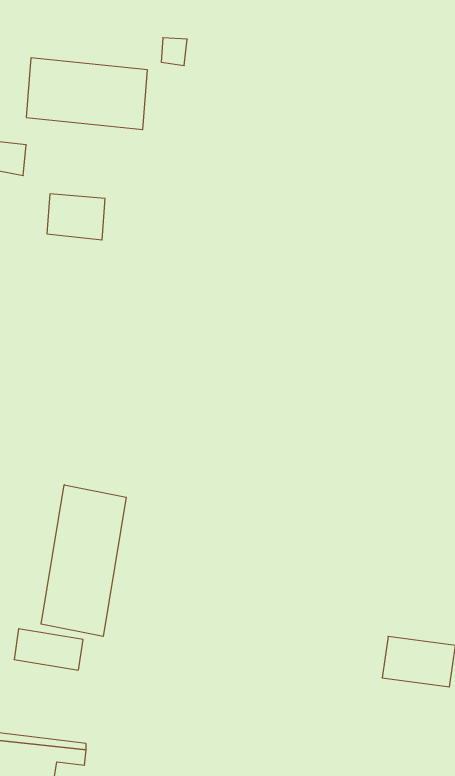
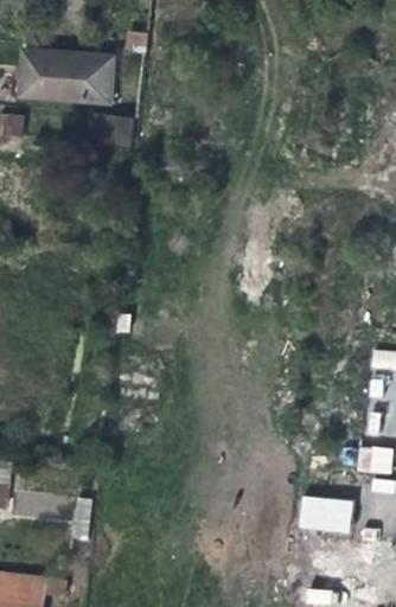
building: [47,194,105,240] -> [89,114,134,149]
building: [41,485,126,636] -> none

